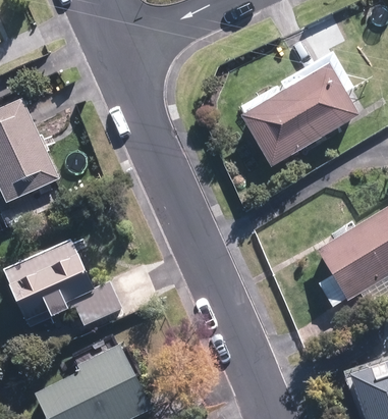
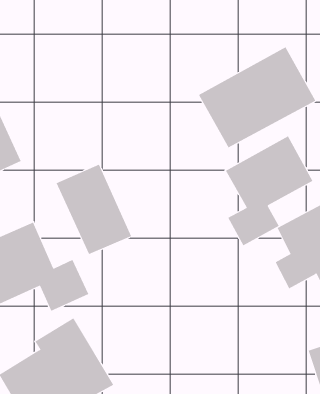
building: none -> [225,135,313,246]
building: none -> [56,164,132,255]

